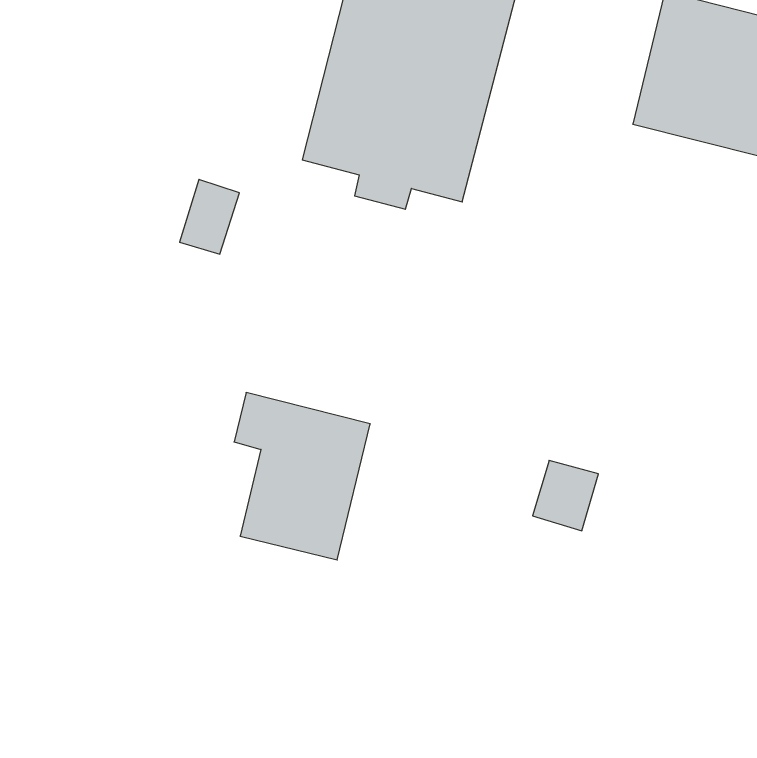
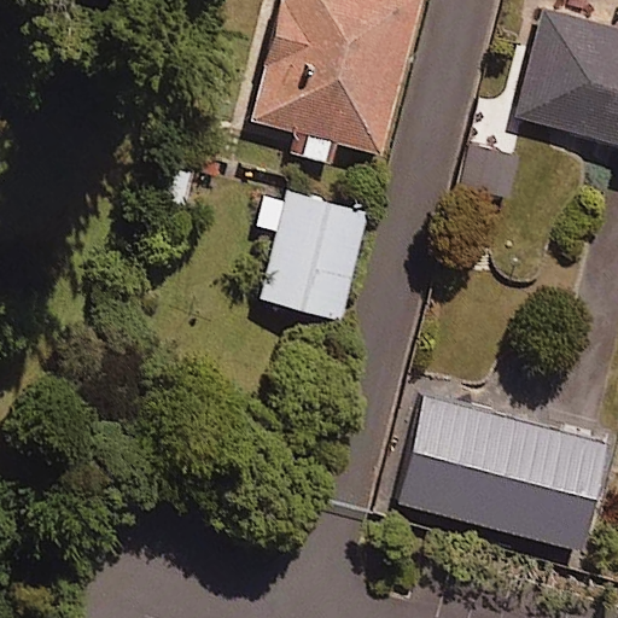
building: [234,393,370,560] -> [257,187,367,322]
building: none -> [425,422,583,525]

